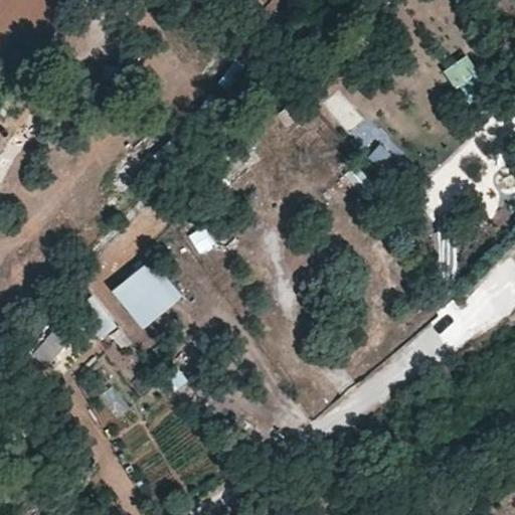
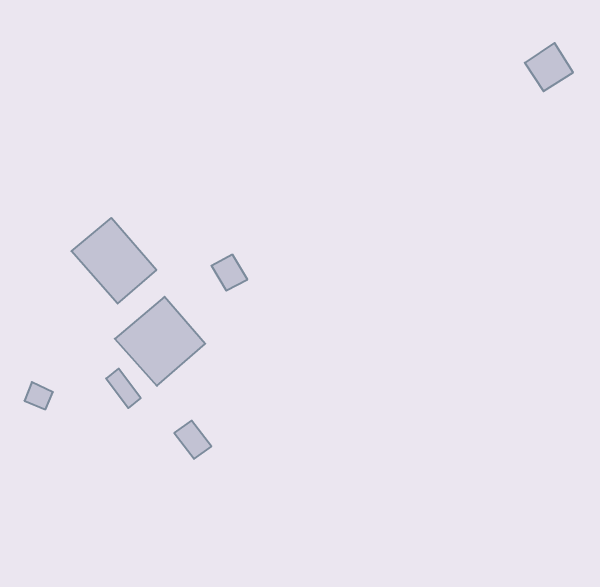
building: none -> [71,218,156,304]

